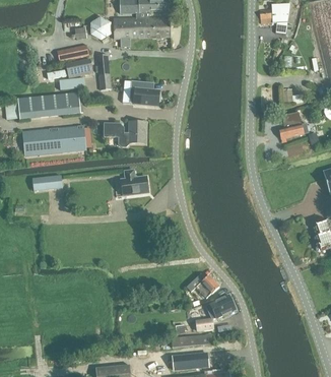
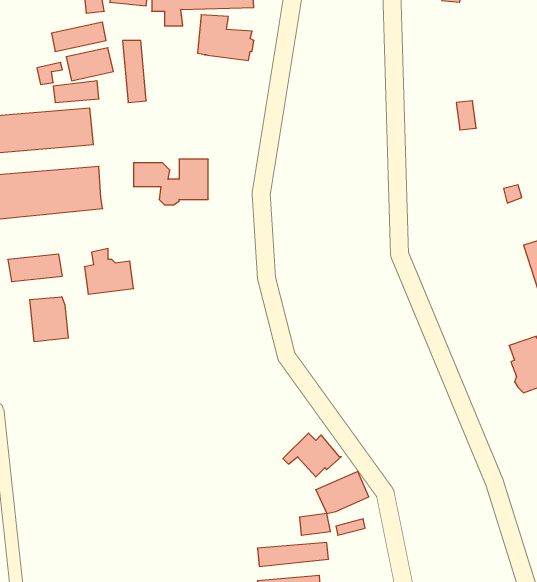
building: [129,80,160,106] -> [197,15,254,60]
building: [279,111,308,142] -> none
building: [121,169,148,194] -> [84,248,134,294]
building: none -> [30,297,68,342]

